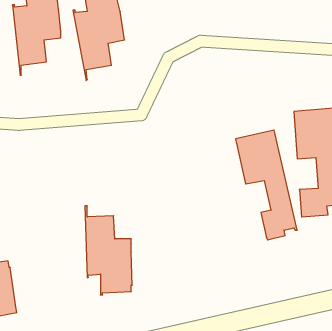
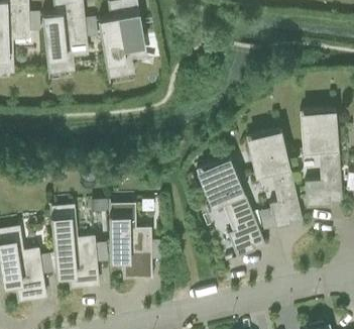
building: none -> [196,155,264,259]
building: none -> [49,202,98,290]

